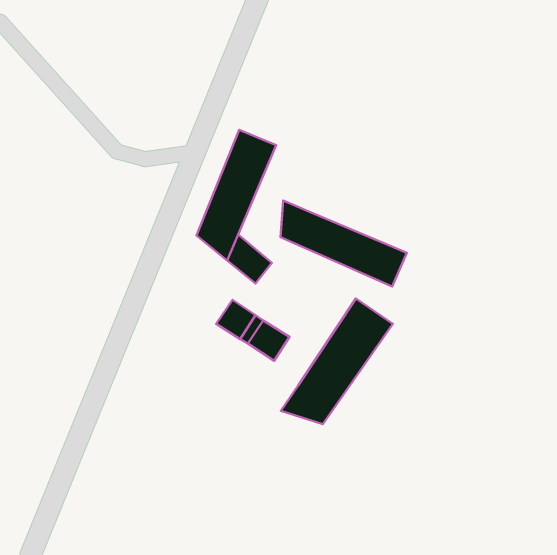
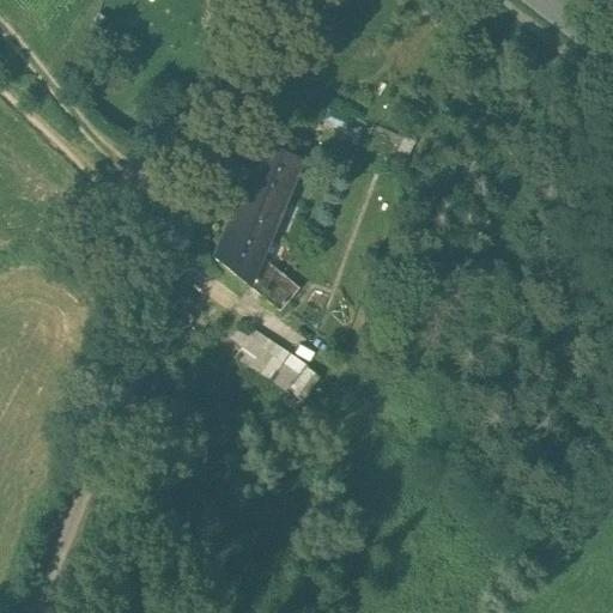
building: [281,200,407,286] -> none
building: [281,299,393,424] -> none

